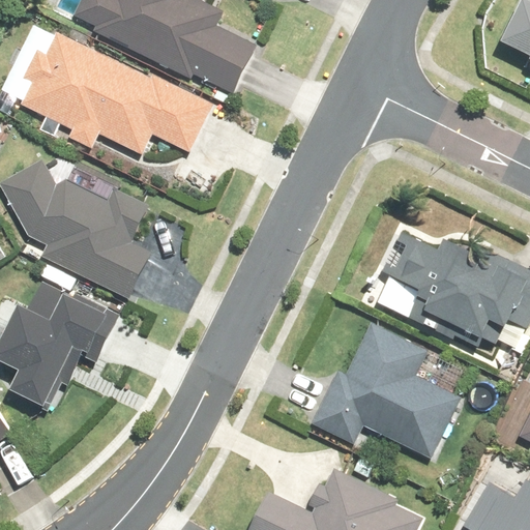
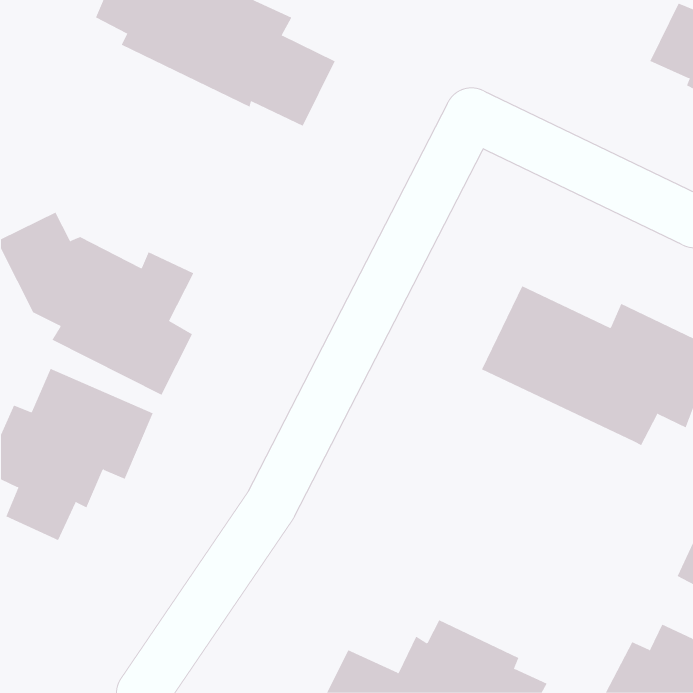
building: [25,29,224,154] -> none
building: [310,328,463,461] -> none

